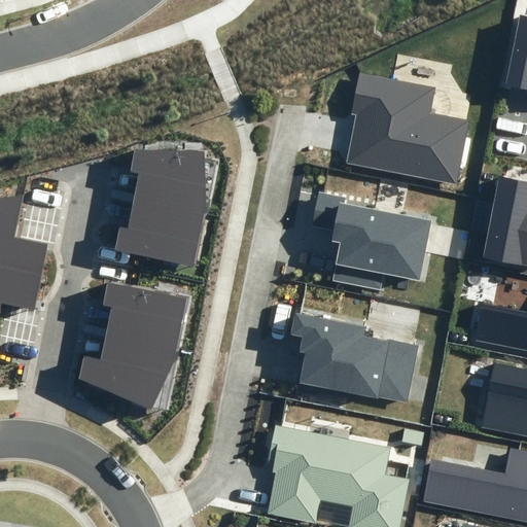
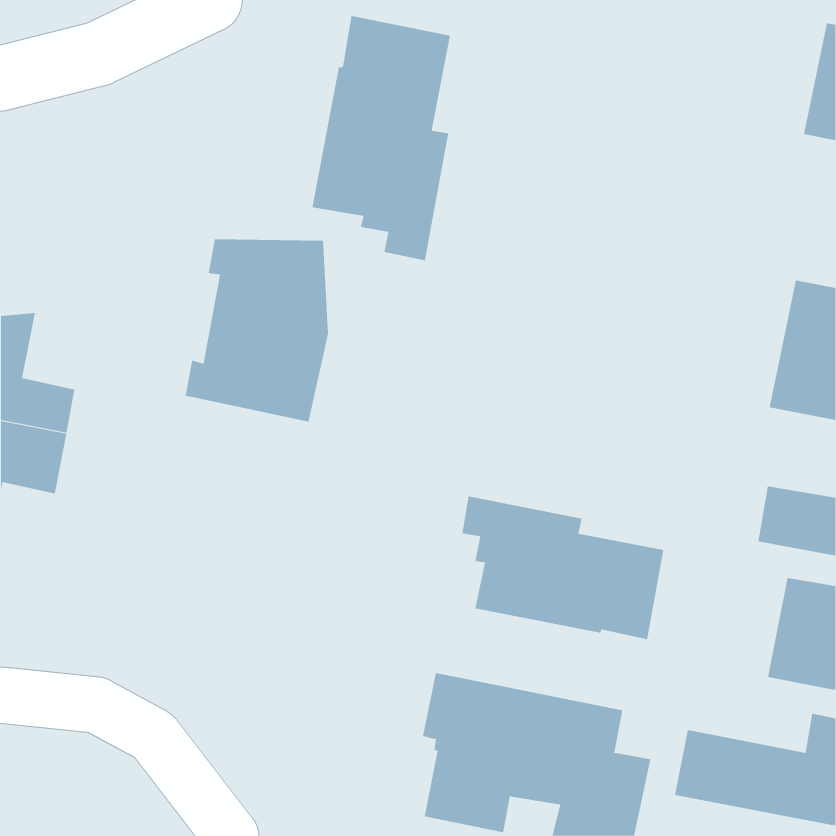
building: none -> [312,15,450,261]
building: [347,72,469,184] -> none
building: [313,194,431,289] -> none
building: [79,282,188,409] -> none

